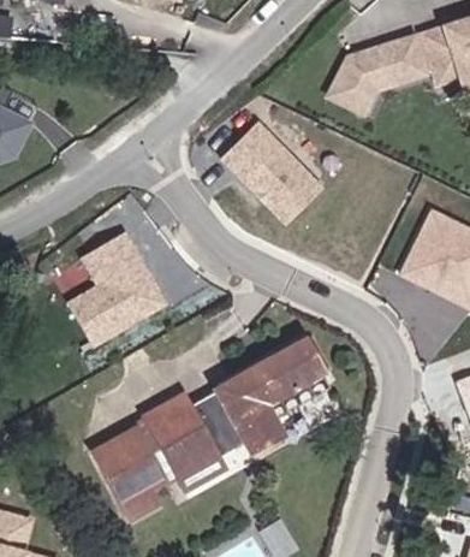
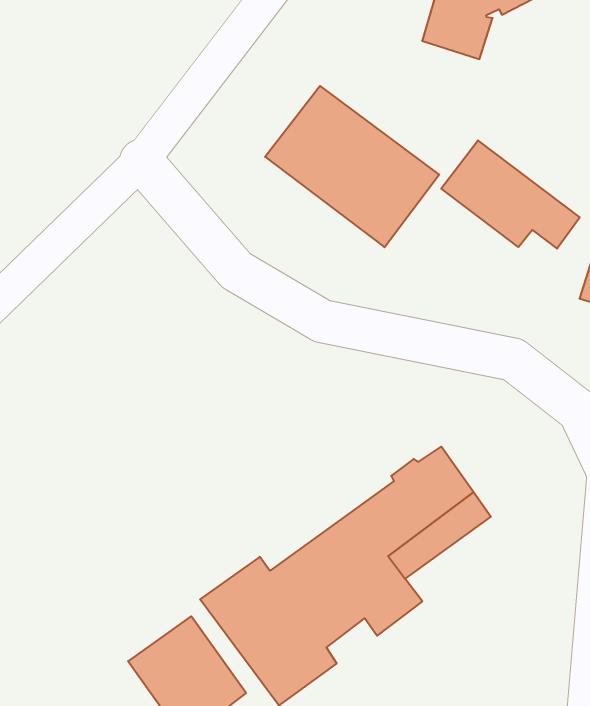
building: none -> [441,140,580,249]
building: [64,230,166,344] -> none

